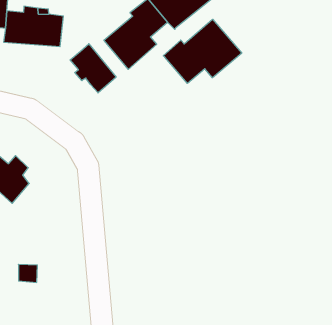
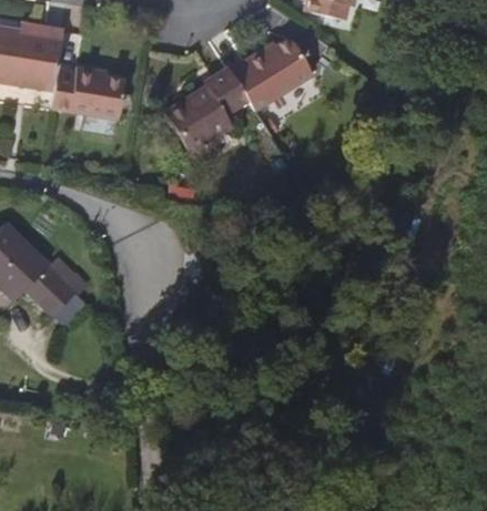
building: [163,19,242,83] -> none
building: [70,44,116,93] -> none

